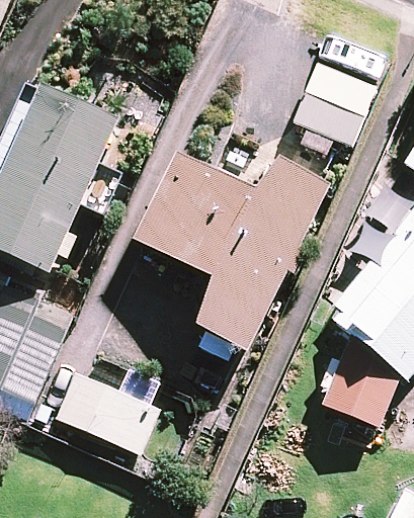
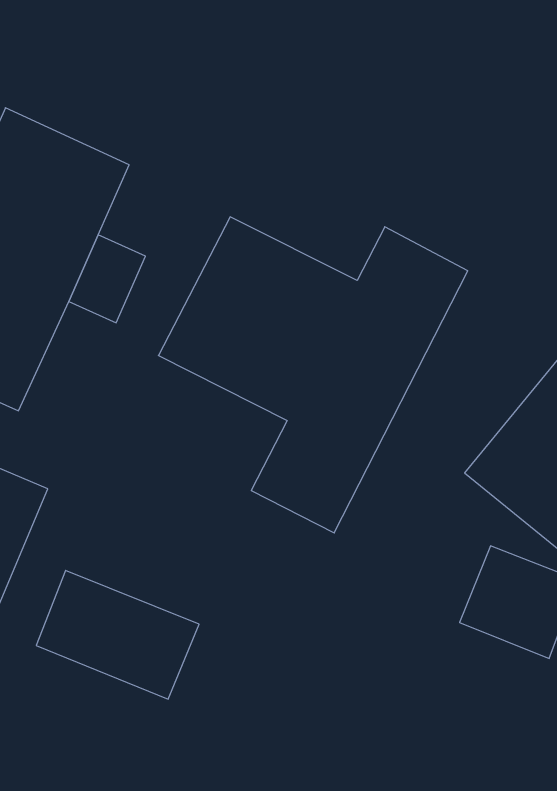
building: [295,62,377,144] -> none

